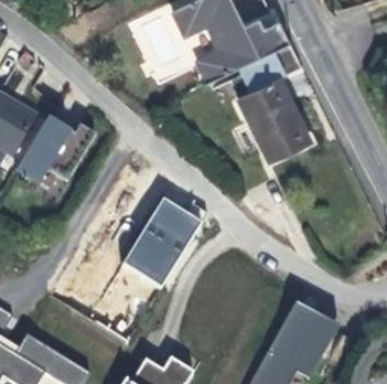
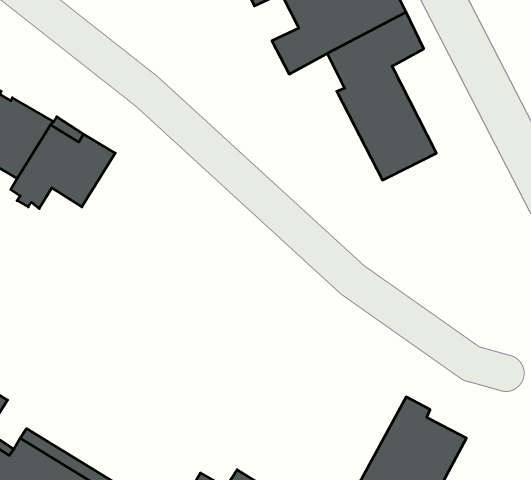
building: [126,198,204,287] -> none

